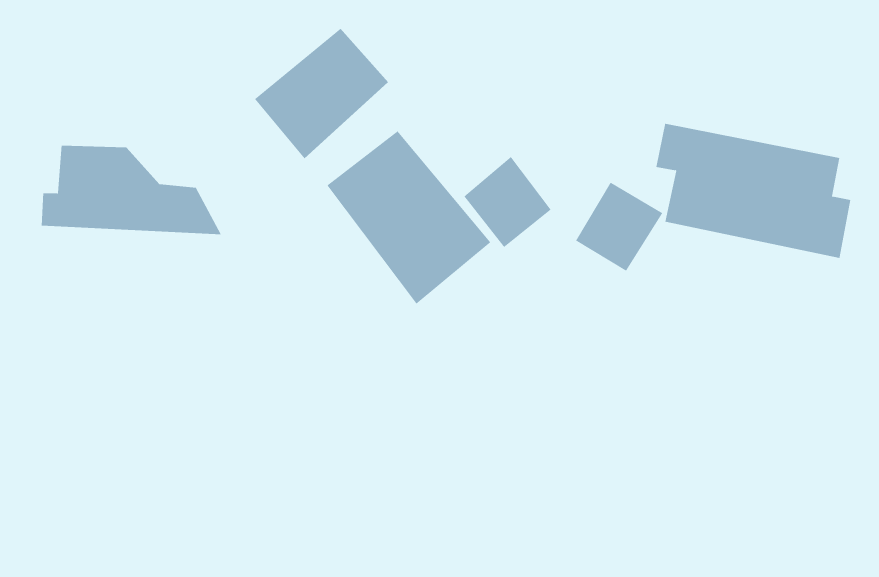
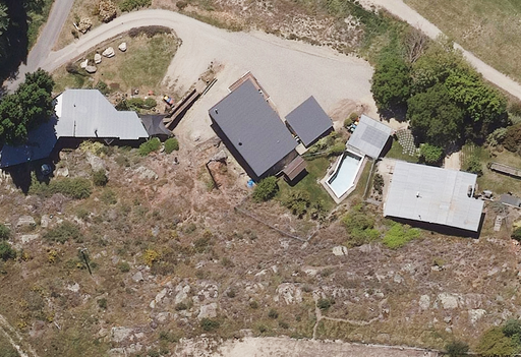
building: [254,28,389,159] -> none
building: [655,123,851,259] -> [375,157,484,232]

